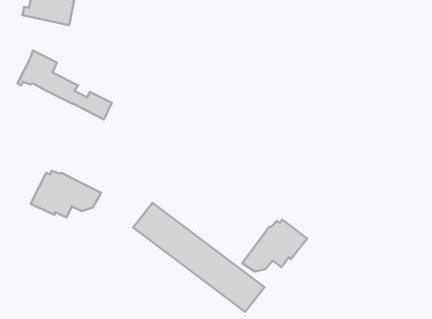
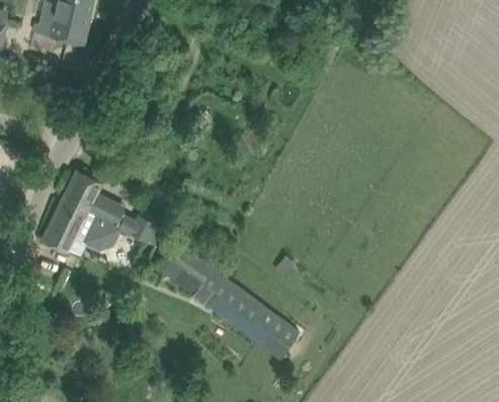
building: [18,51,112,119] -> [59,170,163,246]
building: [242,220,307,271] -> none

